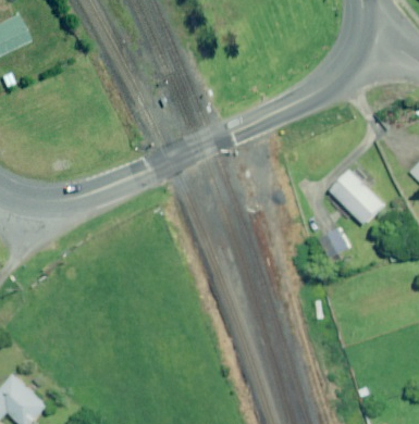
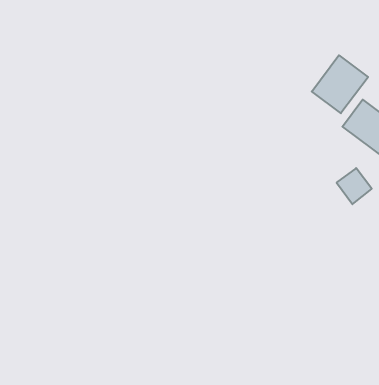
building: none -> [312,55,368,113]

